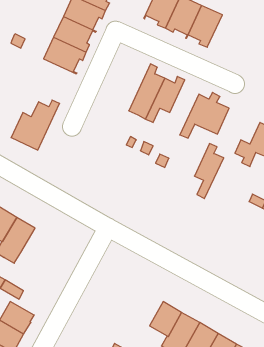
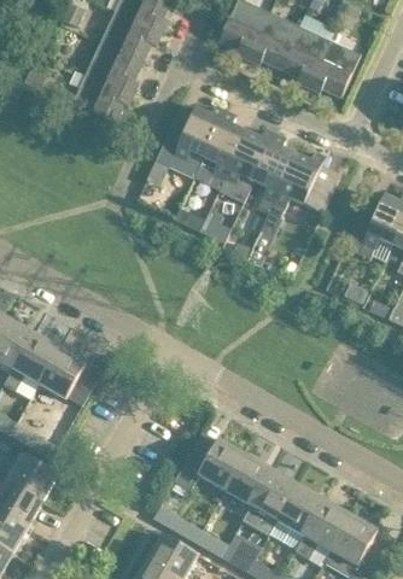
building: none -> [308,40,360,96]
building: [11,100,60,150] -> [156,106,226,179]
building: [194,144,224,199] -> [253,134,296,214]
building: none -> [39,349,86,399]
building: none -> [174,439,244,490]

